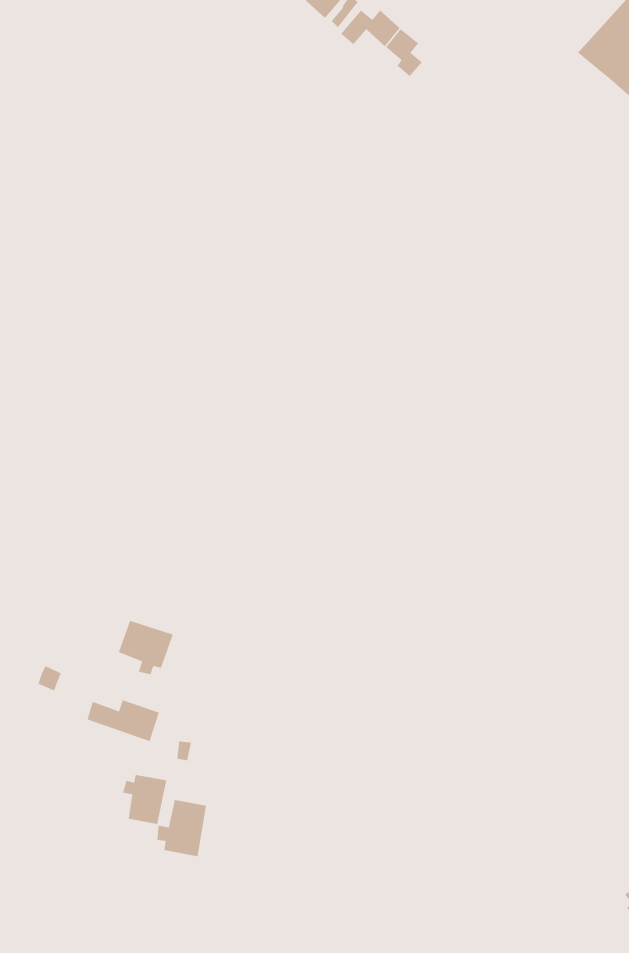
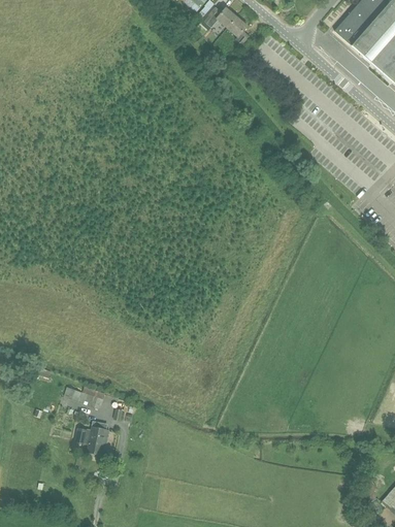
building: [118,620,174,675] -> none
building: [156,799,207,857] -> none

